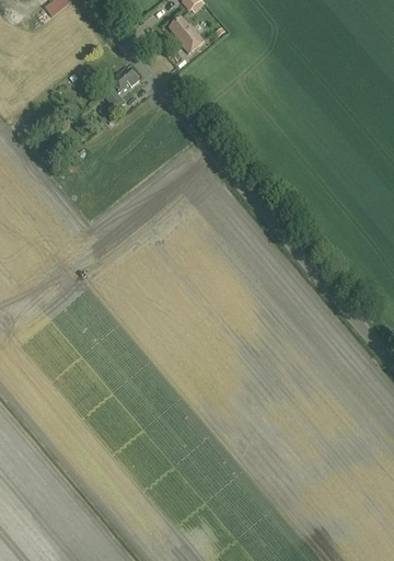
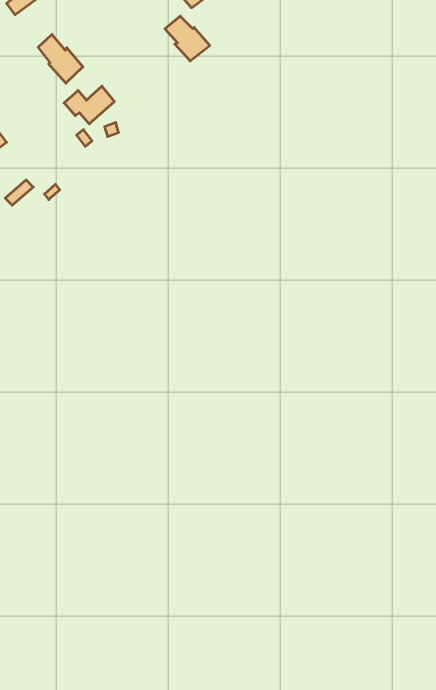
building: none -> [38,34,83,83]

